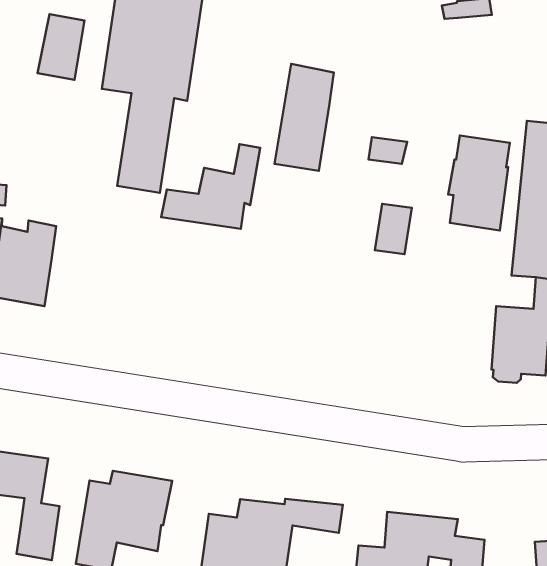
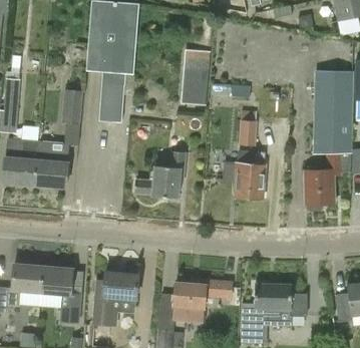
building: [38,14,85,80] -> [60,88,83,122]
building: [448,135,510,230] -> [235,148,266,198]
building: [161,144,260,229] -> [135,152,186,198]

